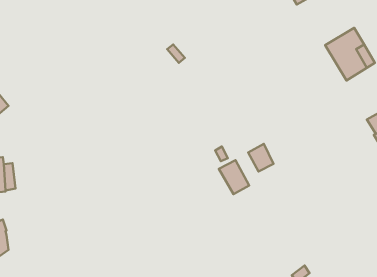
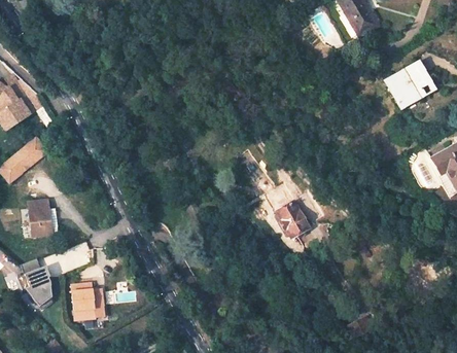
building: [248,144,274,172] -> none
building: none -> [70,284,102,321]

